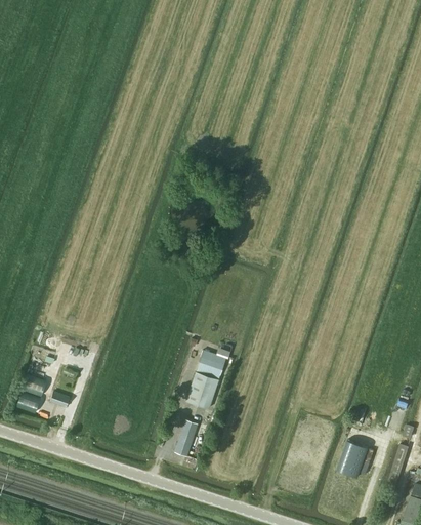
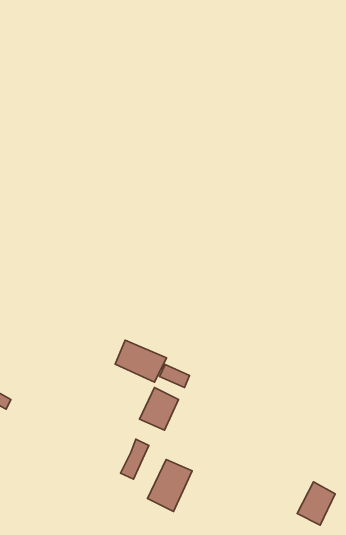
building: none -> [115,340,166,382]
building: none -> [148,460,192,512]

